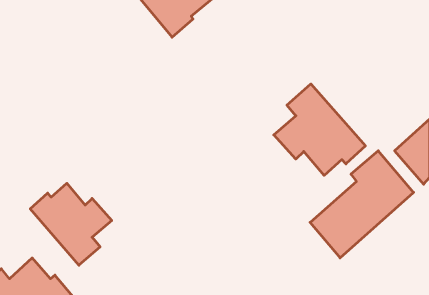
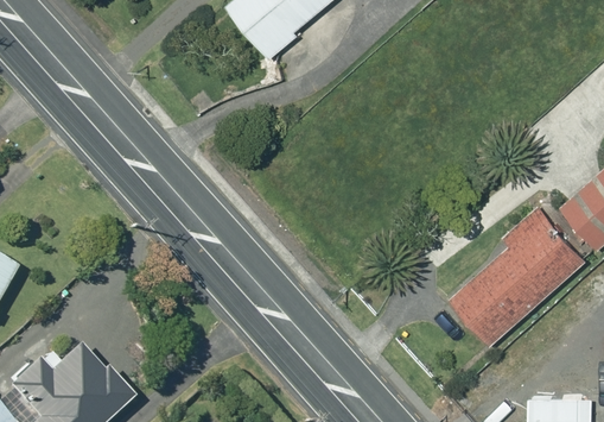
building: [274,84,365,175] -> none
building: [30,183,112,265] -> none

